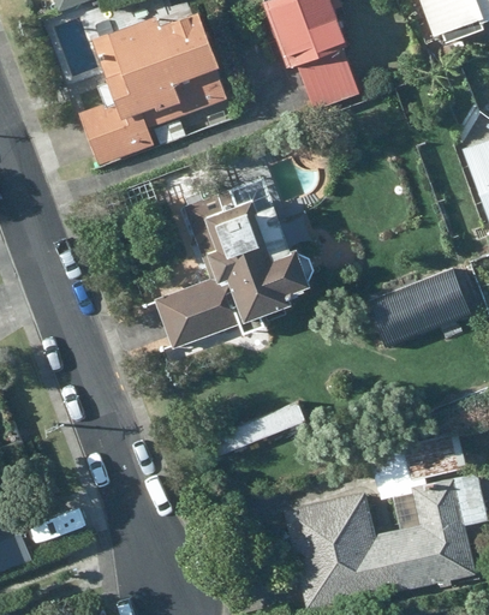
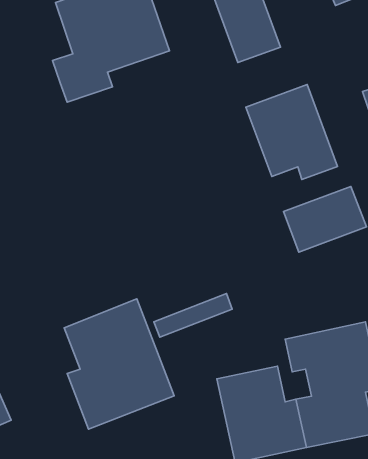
building: none -> [246,85,337,179]
building: [160,185,315,344] -> none
building: none -> [64,299,174,429]

